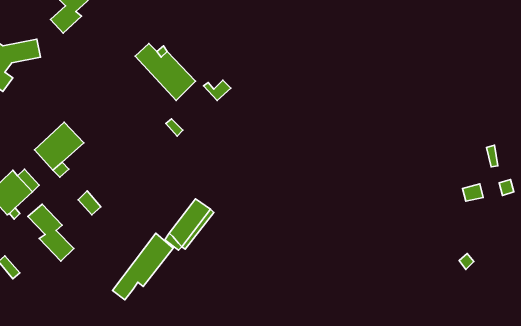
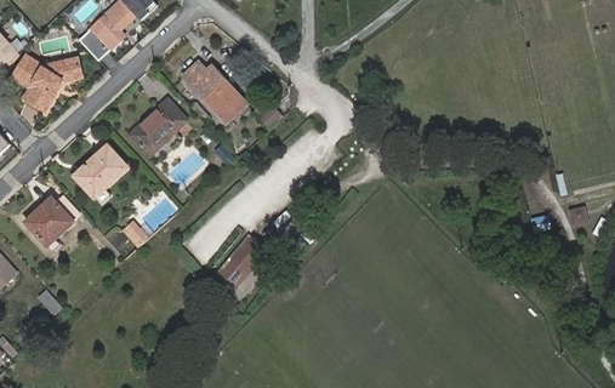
building: none -> [131,99,187,155]
building: [28,204,74,261] -> none
building: [112,233,173,300] -> none

